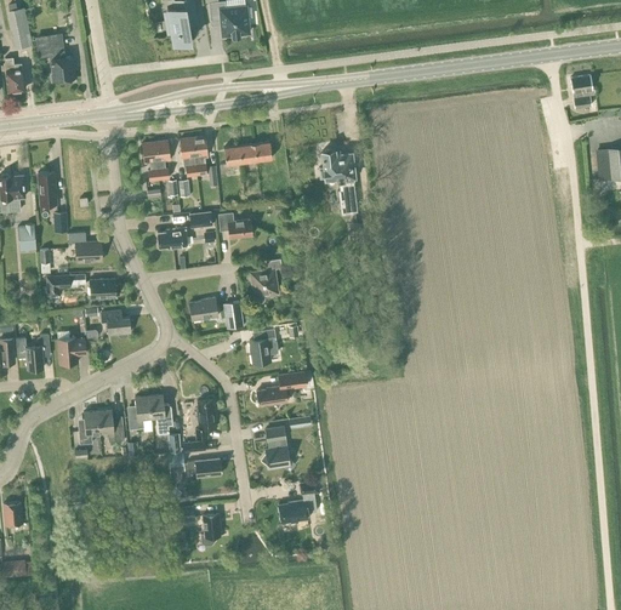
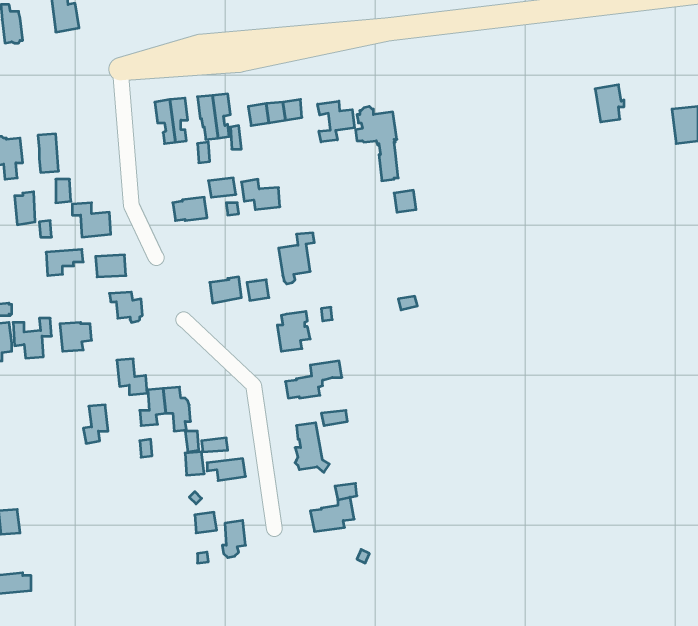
building: [569,76,594,109] -> [595,85,624,122]
building: none -> [318,101,354,142]
building: [195,400,216,439] -> none
building: [97,410,124,441] -> [117,359,147,395]

